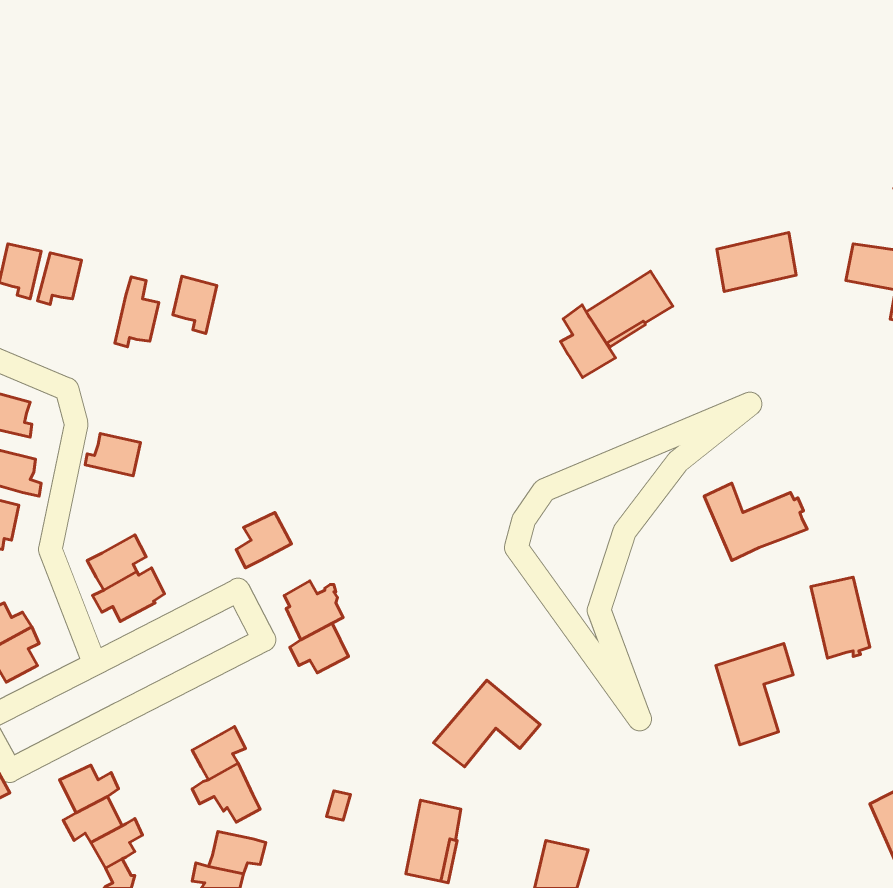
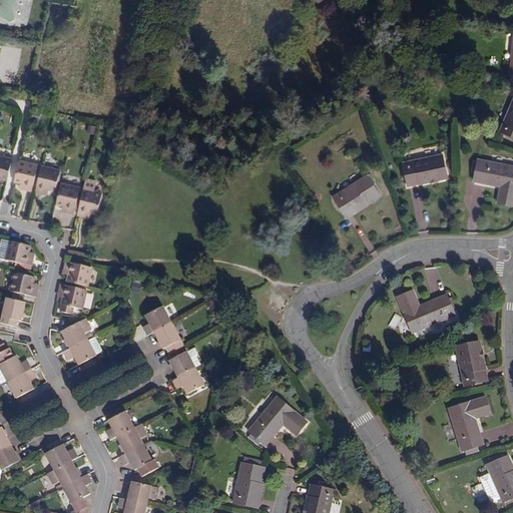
building: [173,276,217,333] -> [54,182,78,213]
building: [561,305,616,378] -> none
building: none -> [57,285,85,310]
building: none -> [155,324,182,352]
building: [716,644,793,745] -> [448,396,490,451]
building: none -> [106,410,134,440]

